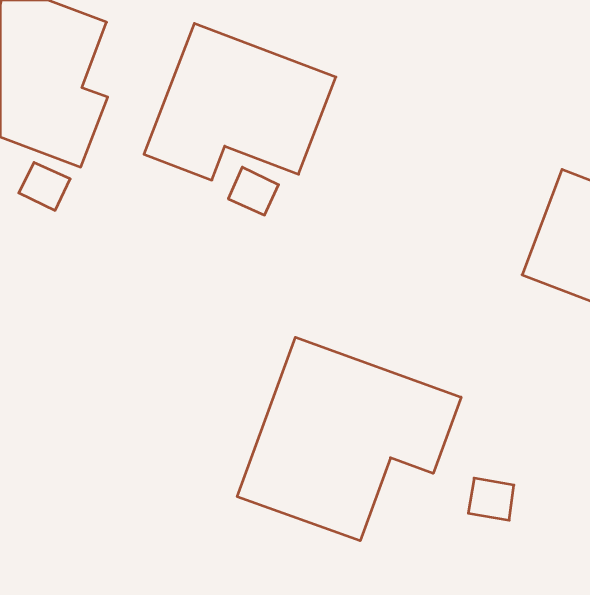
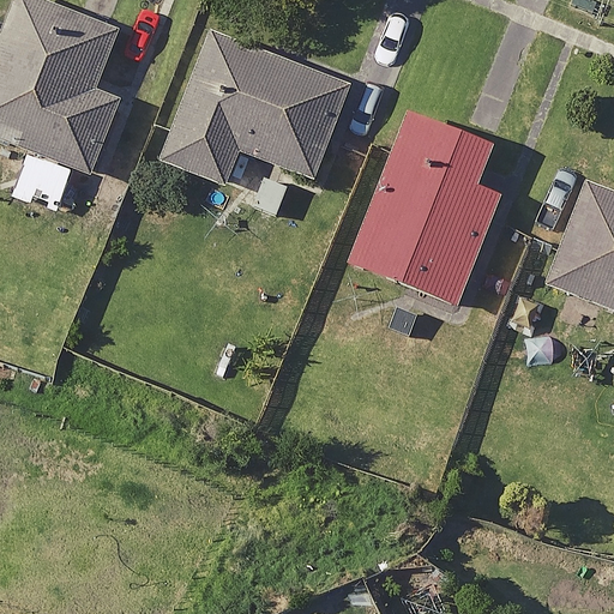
building: none -> [355,110,499,302]
building: [237,337,461,541] -> none

